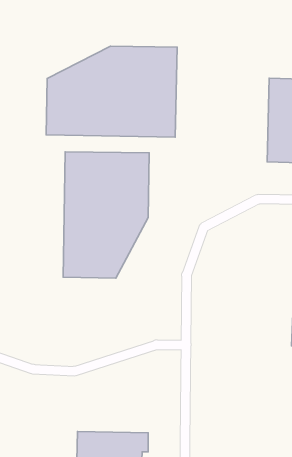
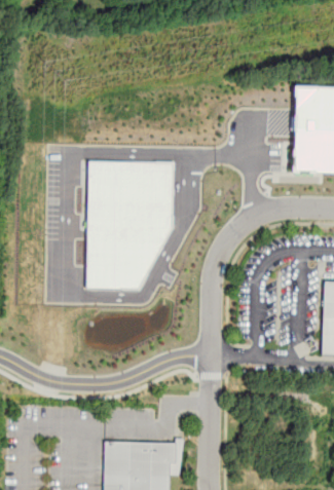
building: [46,46,177,137] -> none

